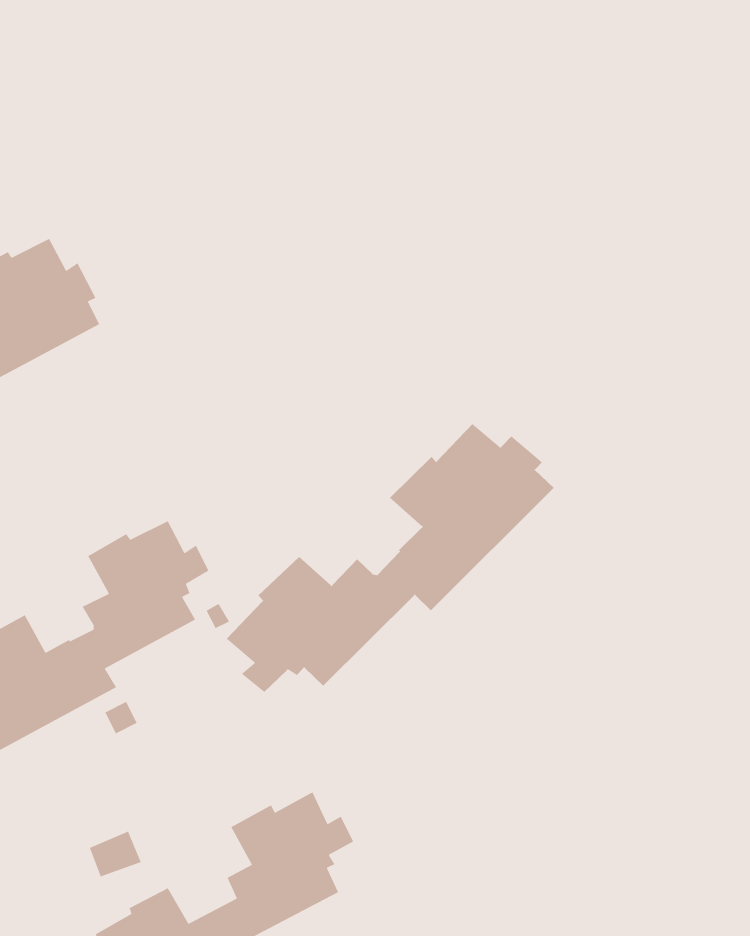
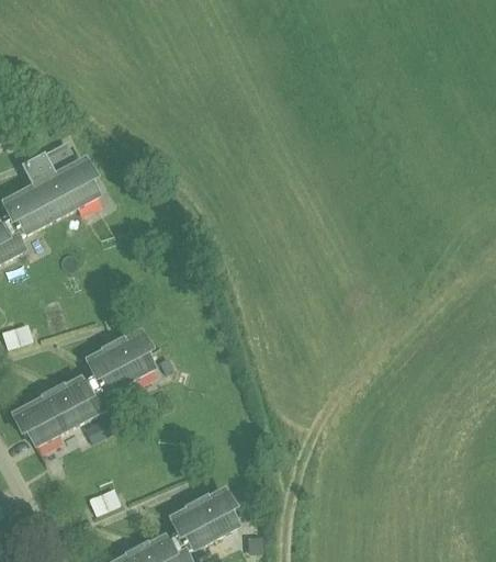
building: [226,423,555,693] -> none

